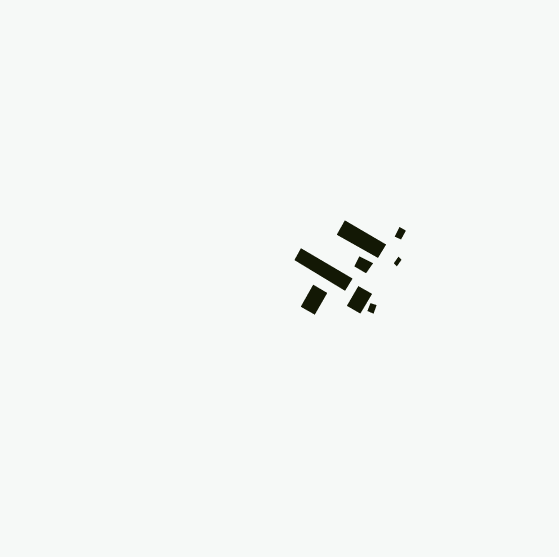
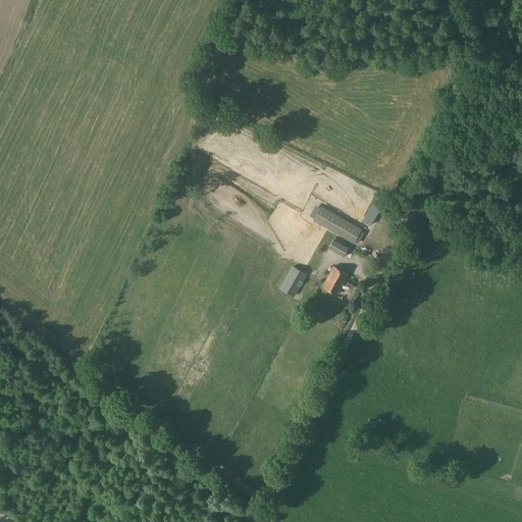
building: [293,247,353,292] -> none

